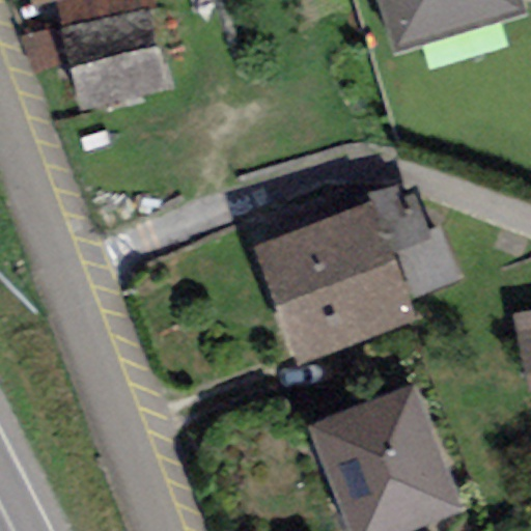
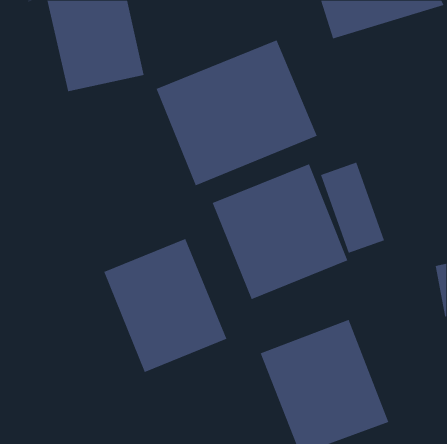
building: none -> [156,39,317,186]
building: none -> [103,238,227,373]

